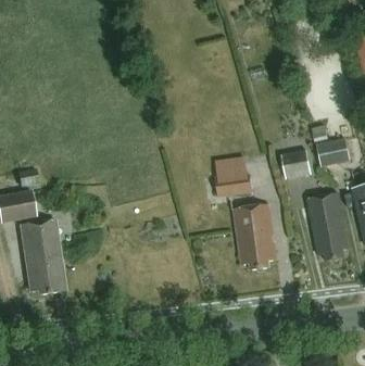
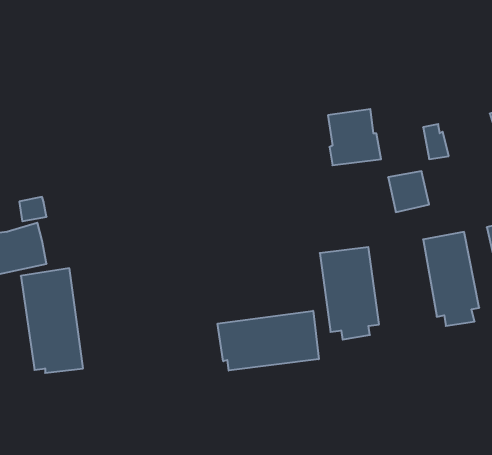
building: [317,138,350,166] -> none
building: [215,155,253,195] -> [328,109,381,165]
building: none -> [218,311,319,371]

